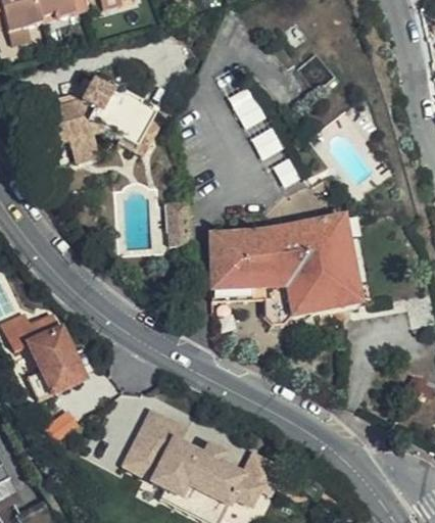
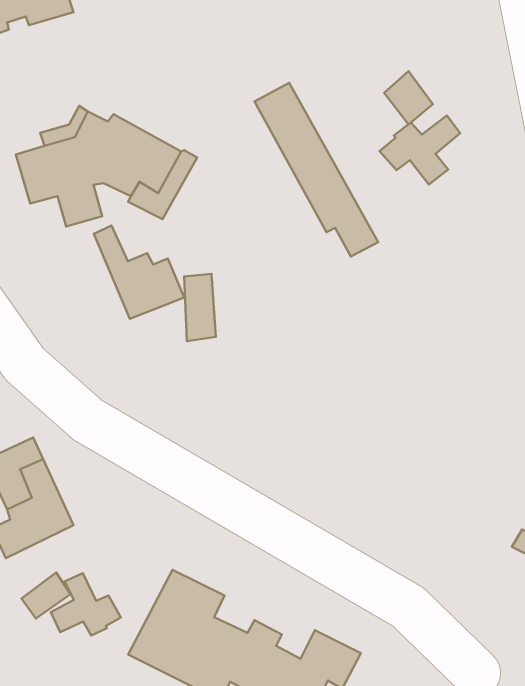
building: none -> [380,116,460,185]
building: none -> [94,225,184,319]
building: [210,216,358,324] -> none
building: none -> [51,573,121,636]

